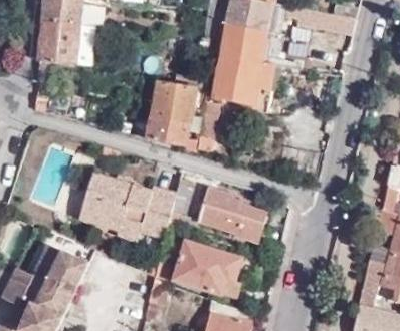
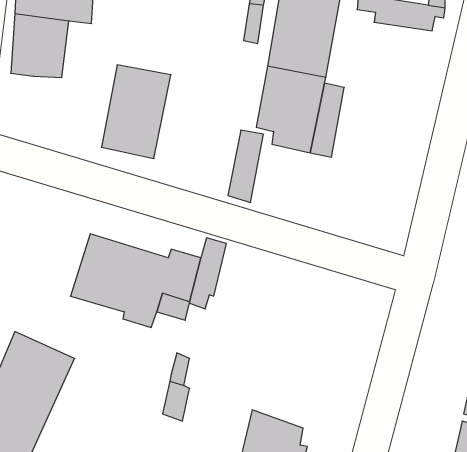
building: [146,82,195,148] -> [101,65,171,159]
building: [196,187,264,244] -> none
building: [174,242,238,294] -> none

